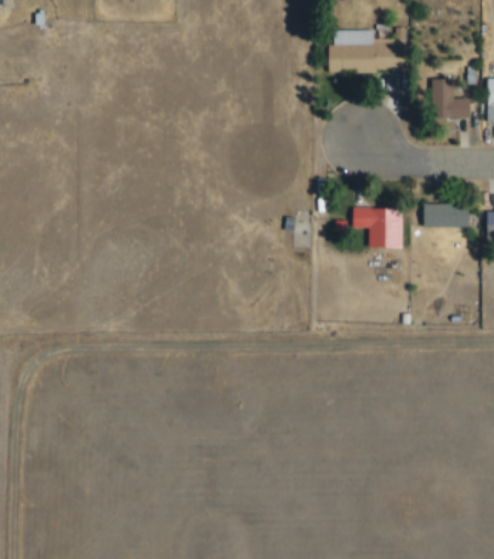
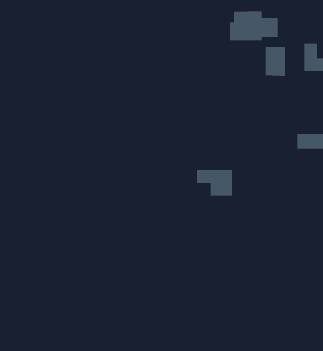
building: none -> [265,46,286,77]
building: [353,209,405,247] -> [196,169,233,197]

